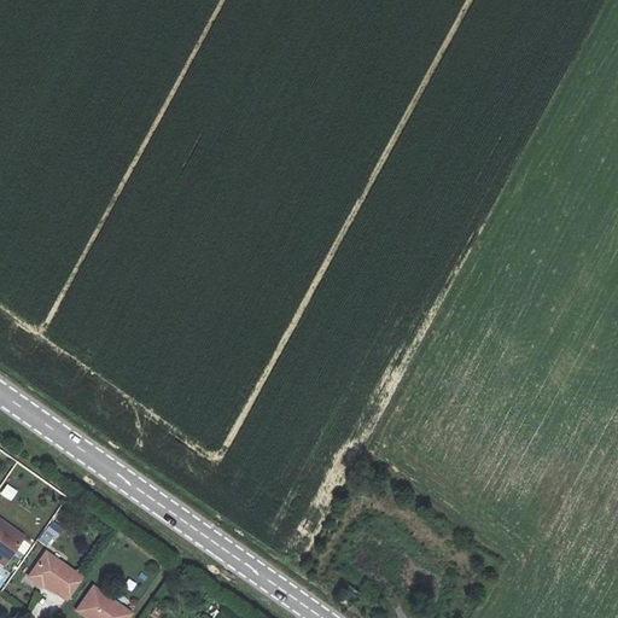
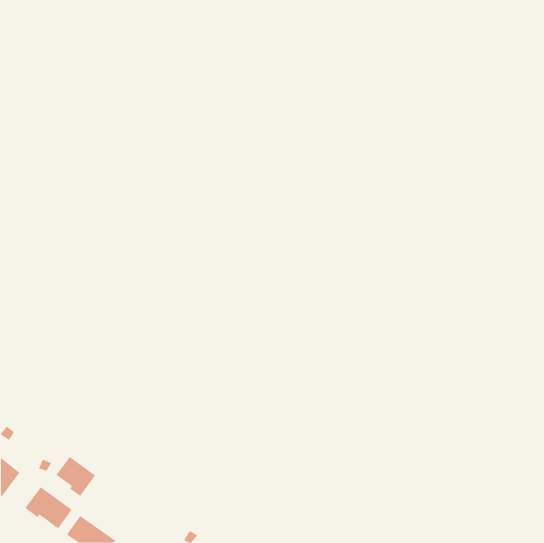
building: none -> [56,456,96,497]

